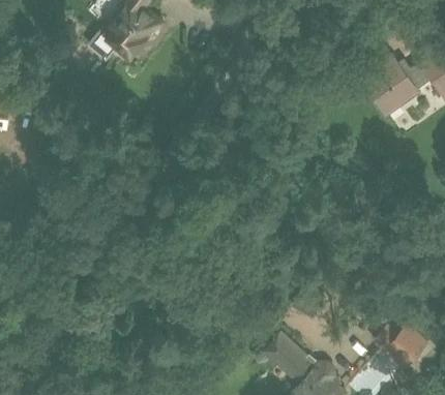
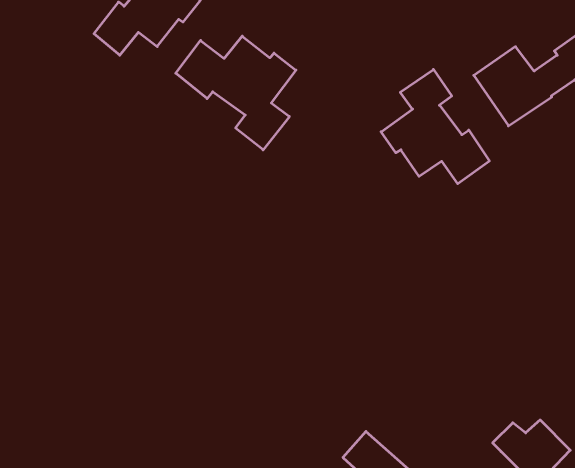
building: none -> [176,36,296,150]
building: none -> [381,69,489,184]

